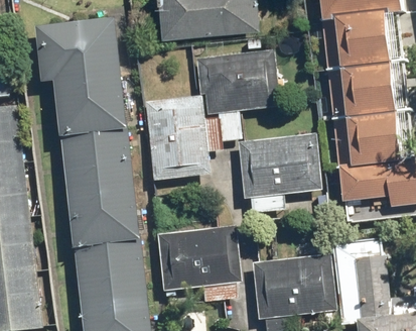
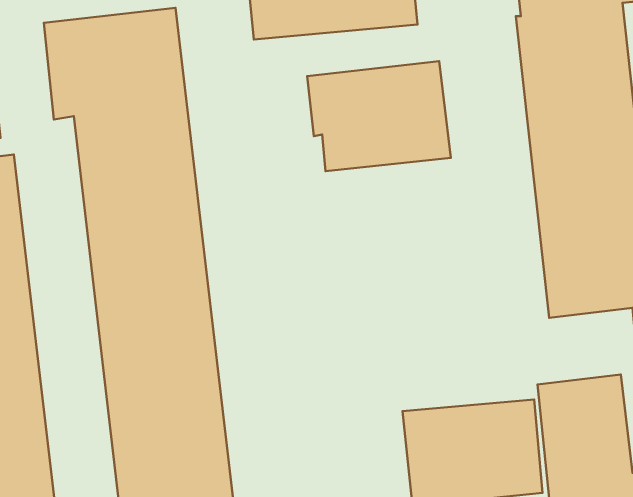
building: [144,96,209,181] -> none
building: [238,133,322,198] -> none
building: [156,226,241,291] -> none

